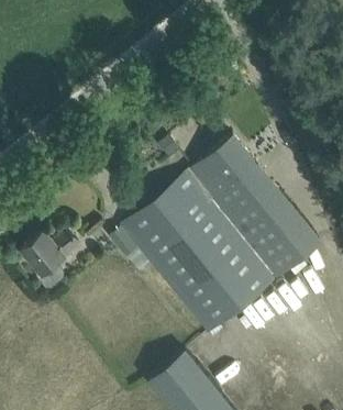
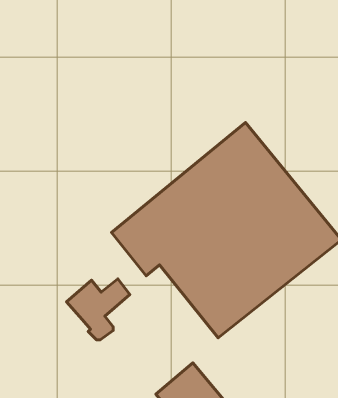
building: [21,229,79,285] -> [67,279,130,340]

